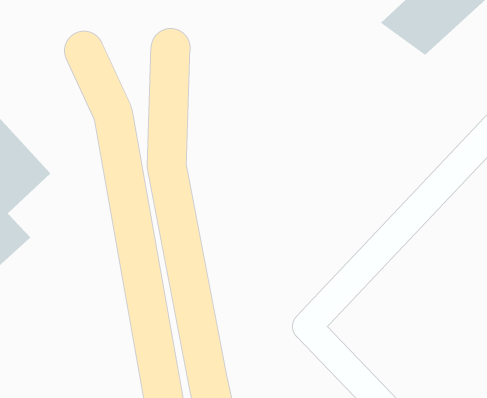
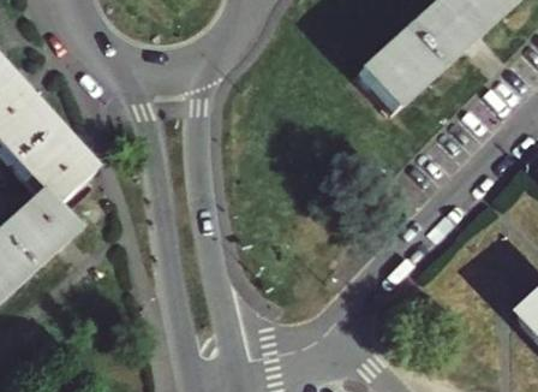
building: none -> [359,26,453,111]

